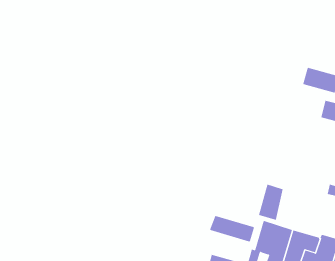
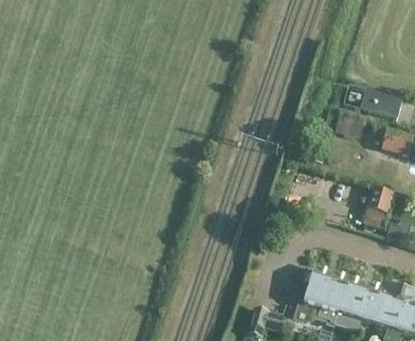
building: [258,184,283,220] -> [363,187,392,229]
building: [210,215,254,242] -> none

